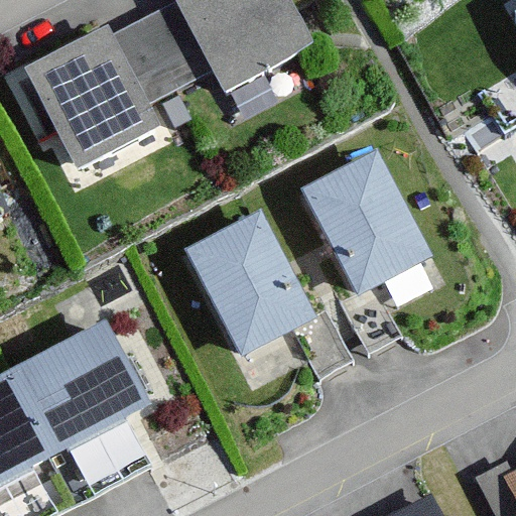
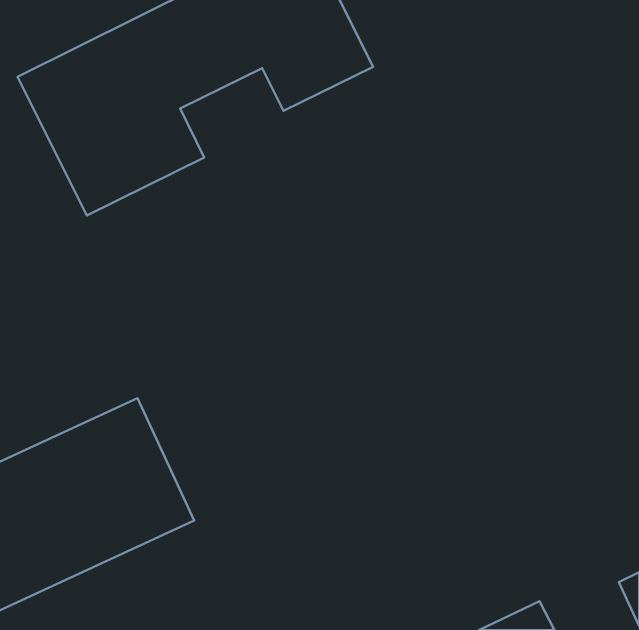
building: [296,151,432,346] -> none
building: [185,211,344,371] -> none

